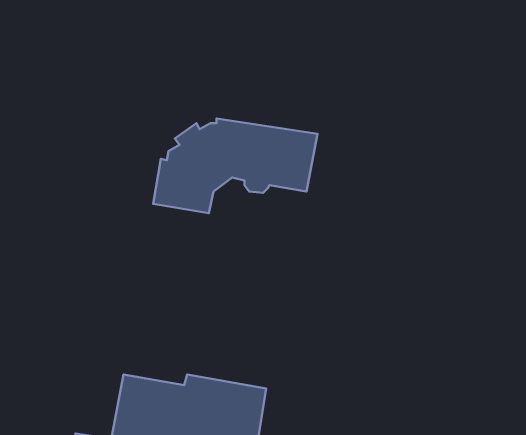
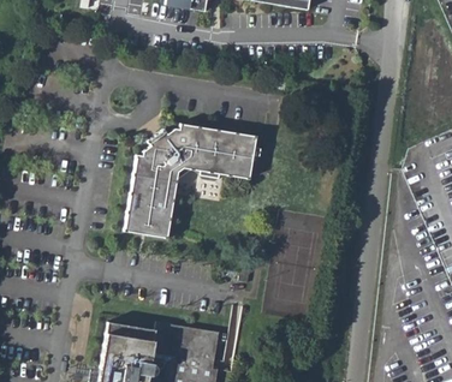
building: none -> [125,190,174,237]

